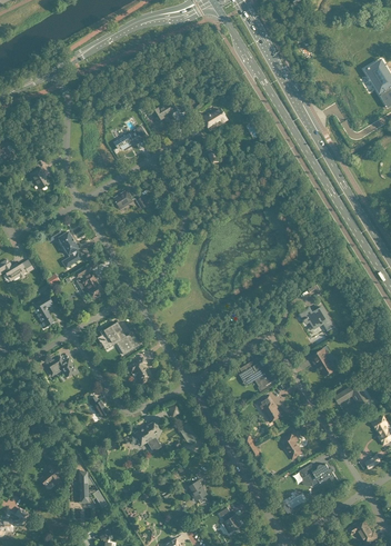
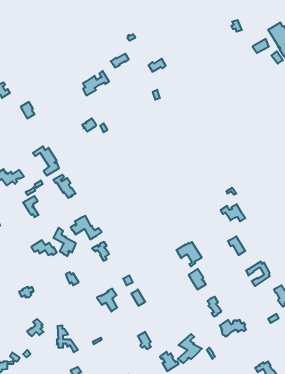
building: none -> [53,228,76,256]
building: none -> [178,334,202,363]

